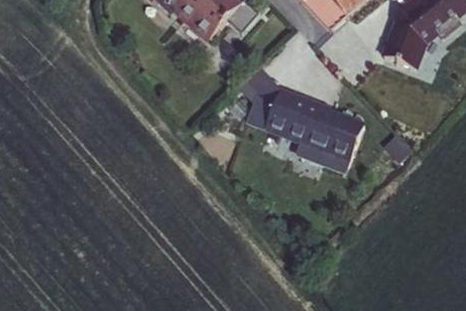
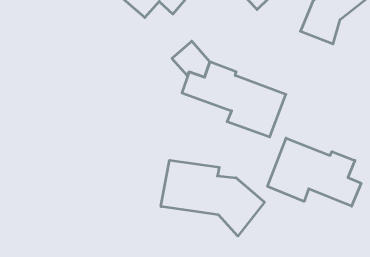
building: none -> [268,138,361,206]
building: none -> [161,160,264,236]

